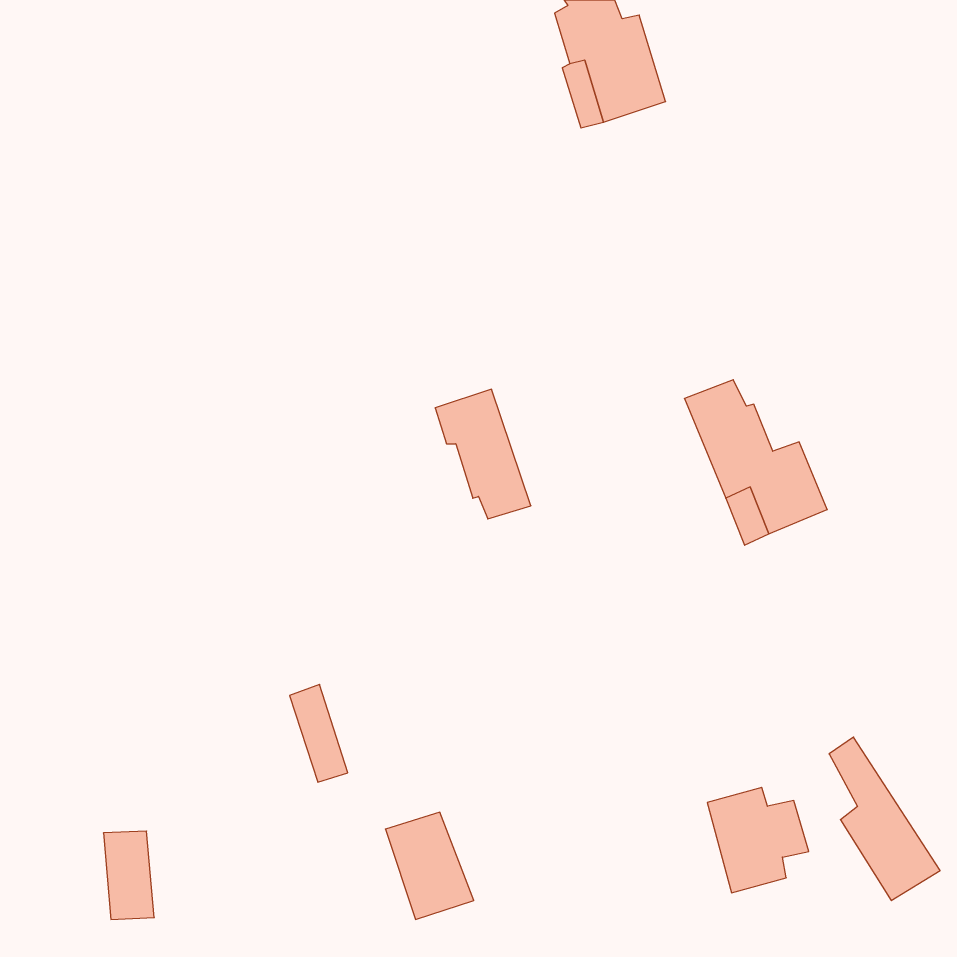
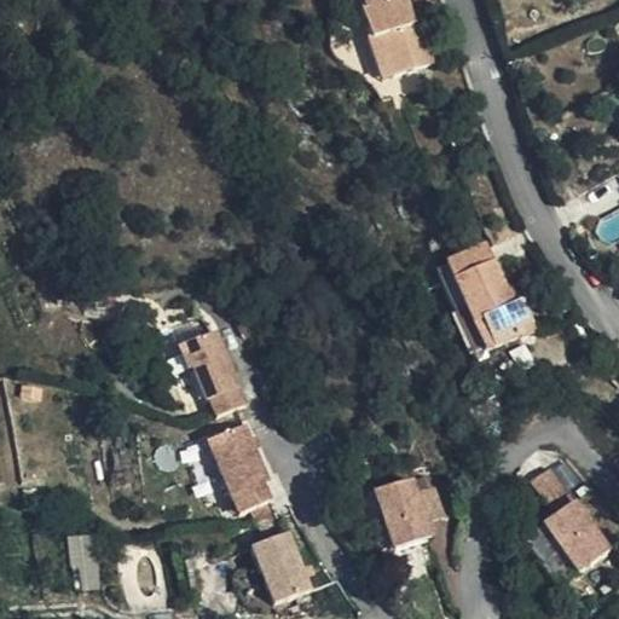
building: [435,389,531,519] -> [187,318,249,401]
building: none -> [209,415,270,499]
building: [707,787,809,893] -> [377,478,442,545]

